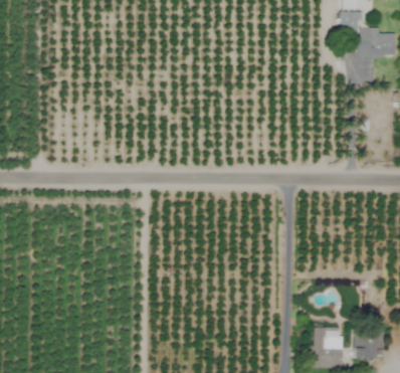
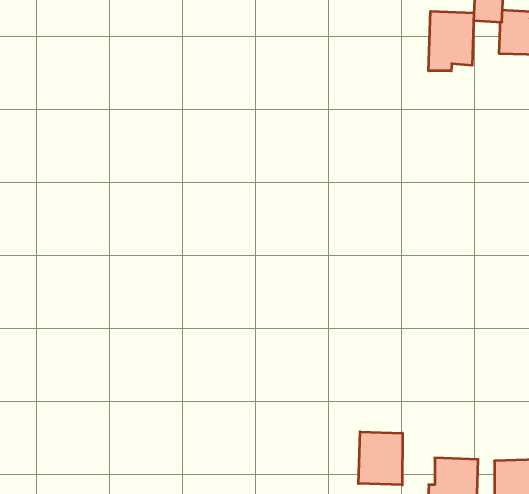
building: none -> [429,11,474,71]
building: none -> [358,432,402,485]

